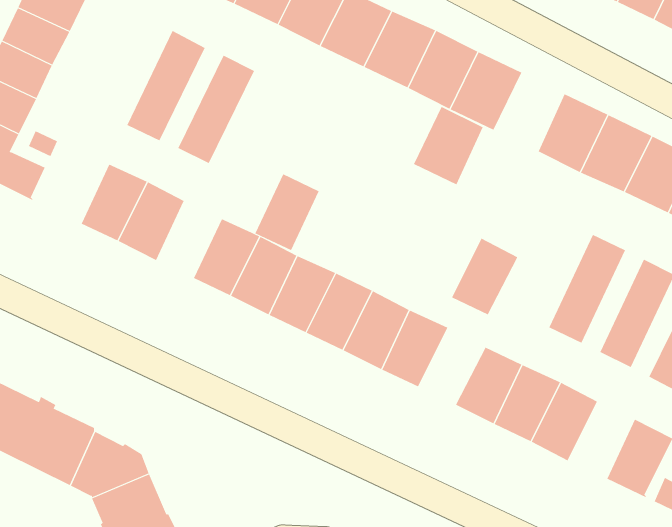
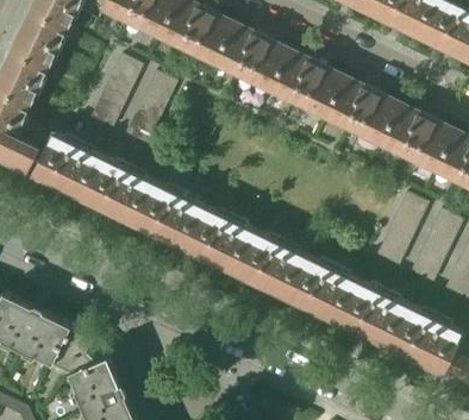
building: [413,106,483,185] -> [339,83,387,137]
building: none -> [31,132,79,186]
building: [255,174,320,251] -> [111,170,155,222]
building: [451,238,518,315] -> [288,256,333,308]
building: none -> [389,306,434,358]

